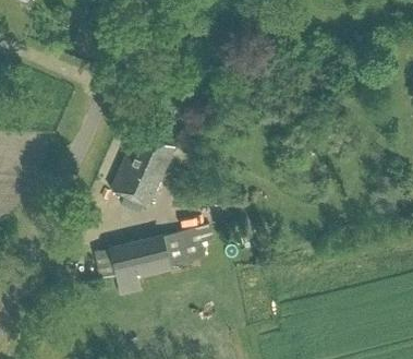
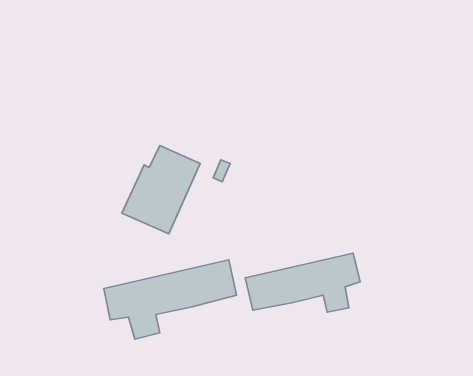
building: none -> [245,253,360,312]

